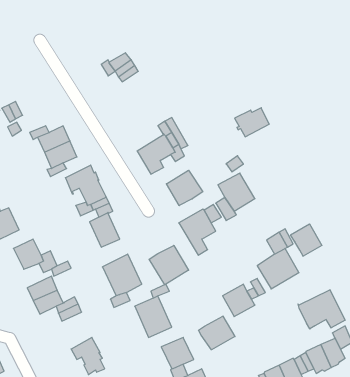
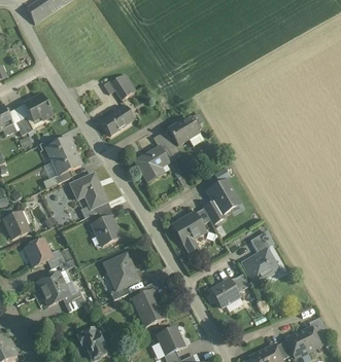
building: none -> [23,94,52,124]
building: none -> [101,106,134,135]
building: [235,108,269,137] -> [168,118,199,144]
building: [166,170,203,206] -> none
building: [291,224,322,256] -> none
building: [149,245,189,285] -> none
building: [298,290,345,329] -> none
building: [199,316,235,350] -> none

